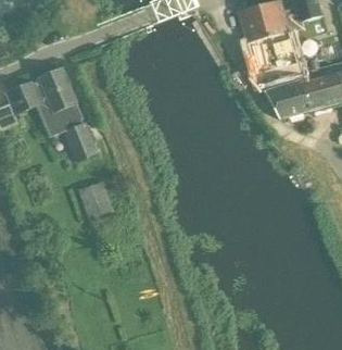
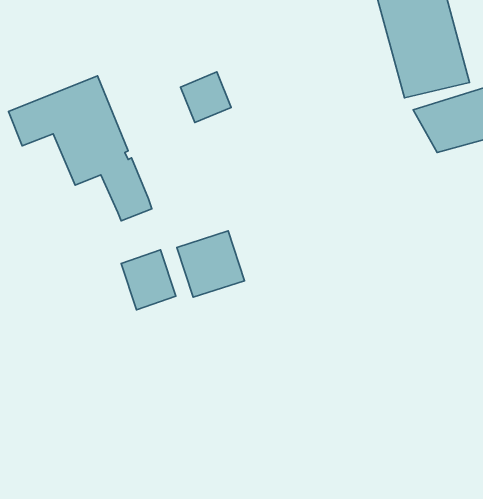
building: none -> [181,72,231,123]
building: none -> [177,231,245,297]

